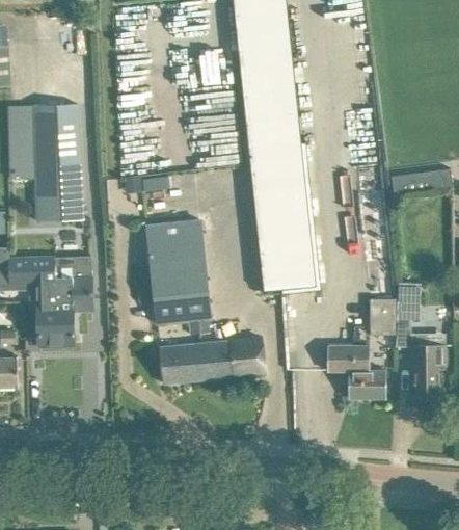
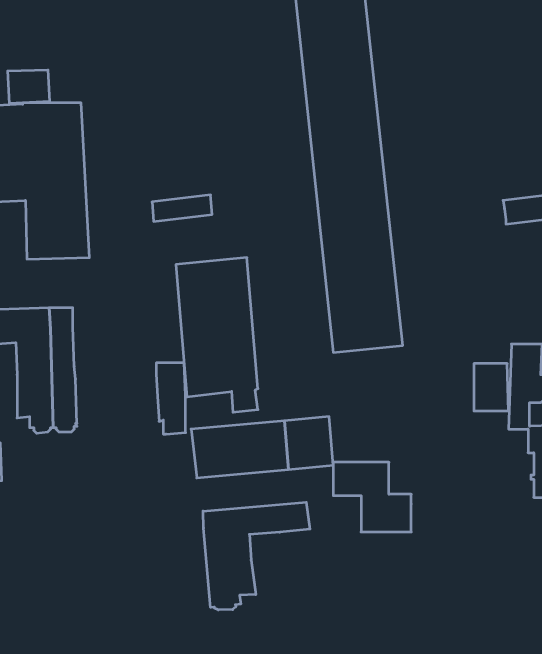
building: none -> [8,70,50,104]
building: [71,257,92,310] -> [156,363,186,434]
building: [327,346,385,398] -> [333,462,411,532]
building: none -> [203,502,310,610]

